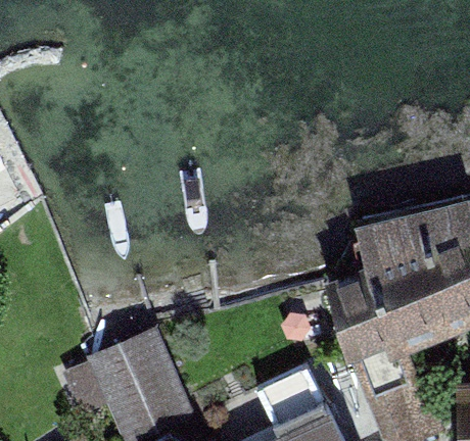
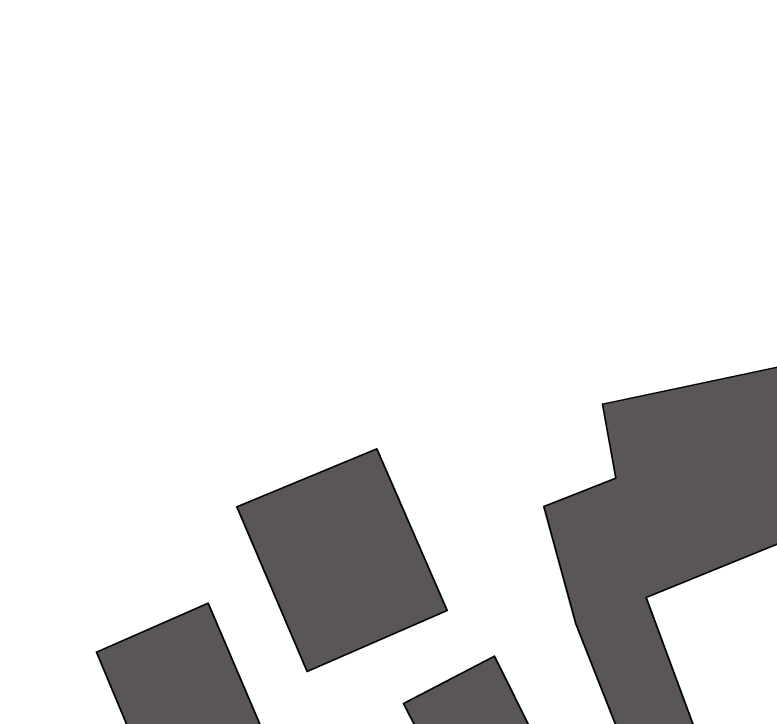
building: none -> [237,449,447,671]

